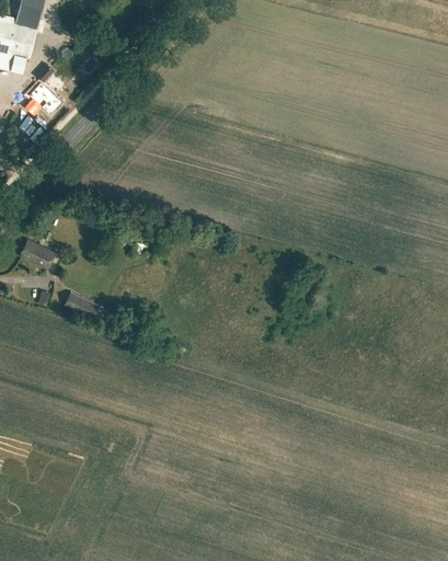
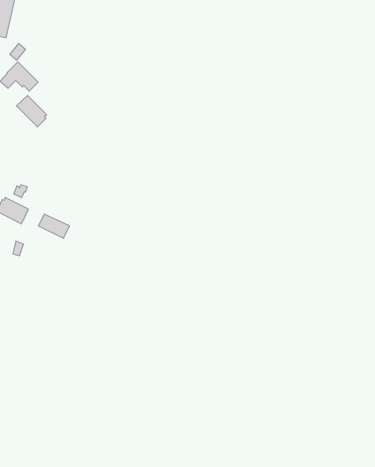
building: none -> [16,96,47,127]
building: [62,293,97,320] -> [38,214,69,238]

